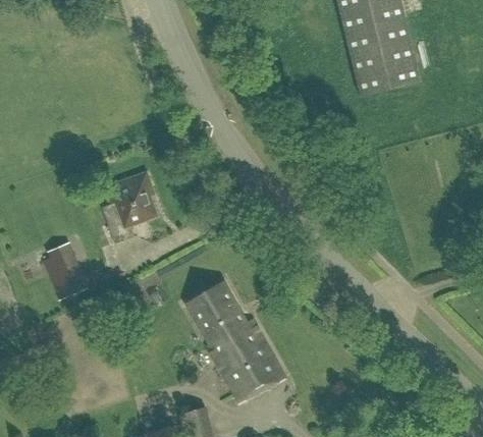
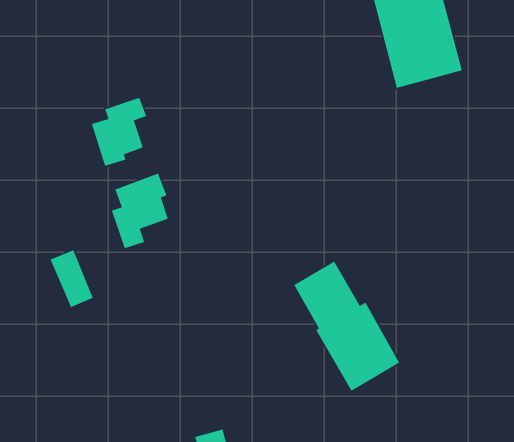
building: none -> [91,97,147,167]
building: [185,283,283,403] -> [293,260,400,392]

